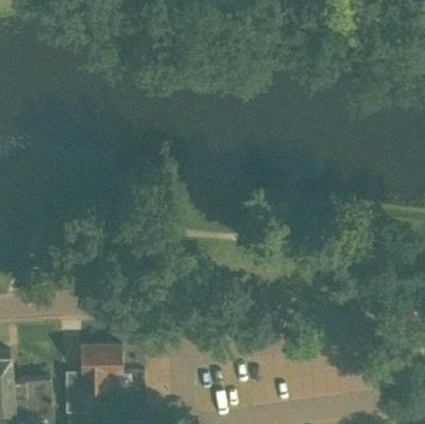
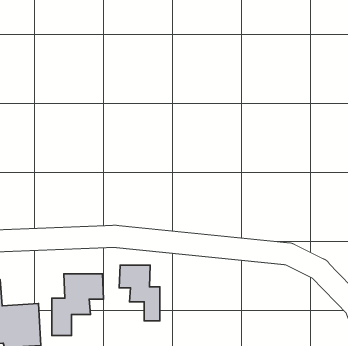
building: none -> [119,265,160,321]

